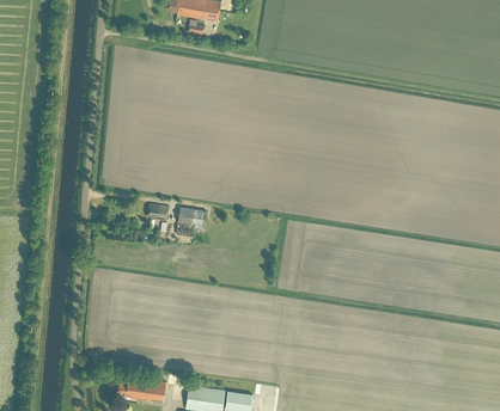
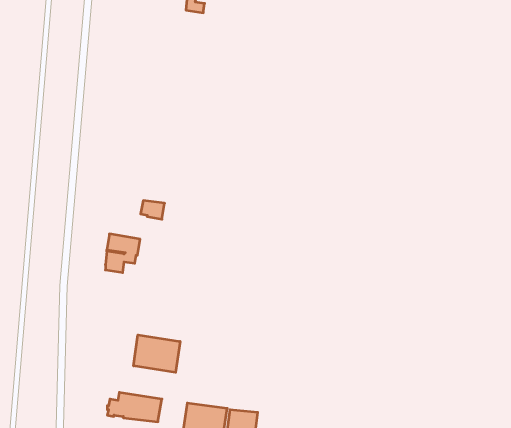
building: [176,207,207,241] -> [105,234,140,273]
building: none -> [134,335,180,372]

